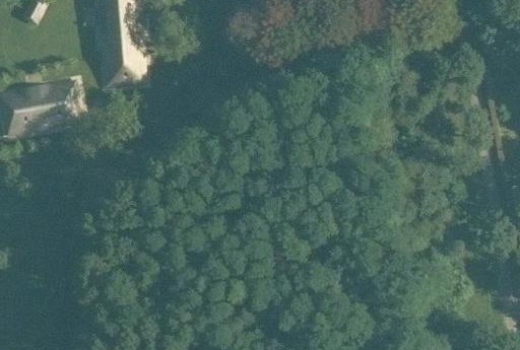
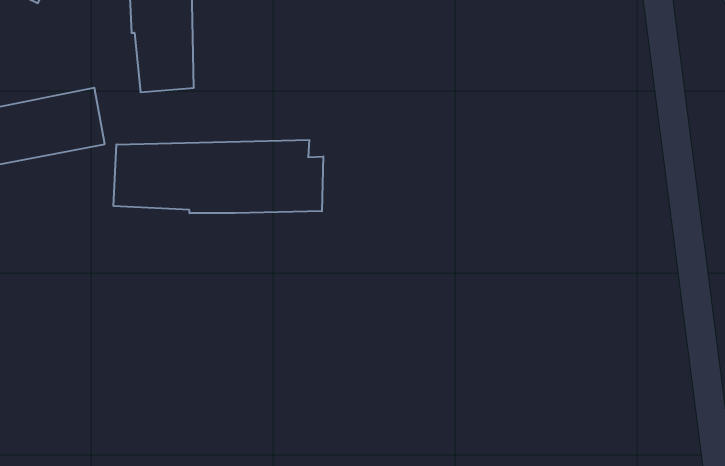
building: none -> [114,140,323,213]

